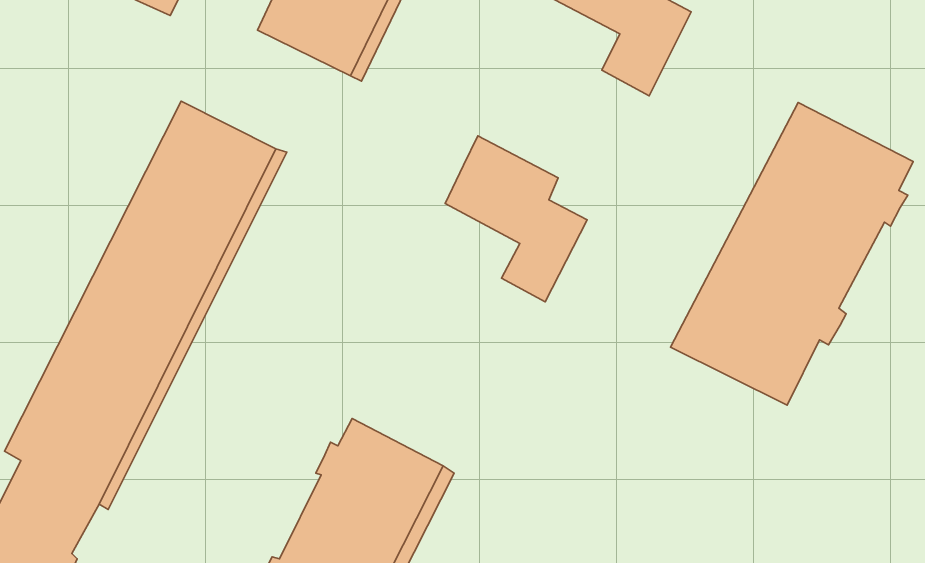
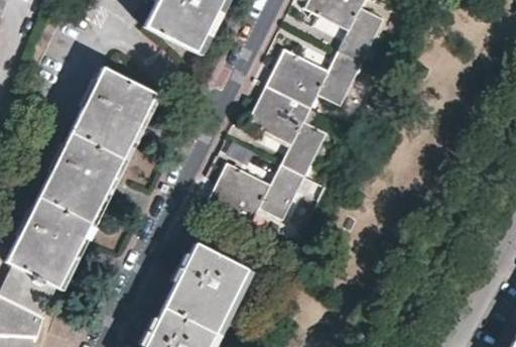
building: none -> [267,47,362,108]
building: [670,103,913,405] -> none
building: none -> [211,160,304,221]

